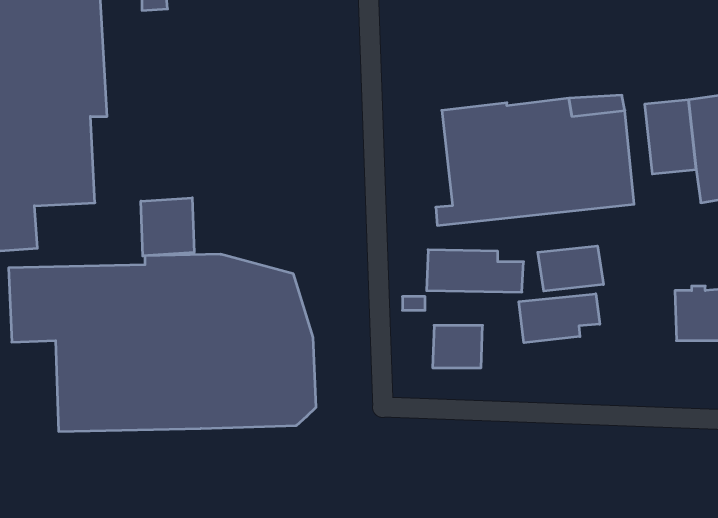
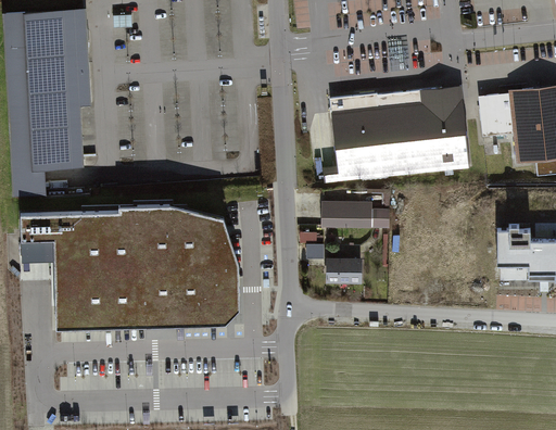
building: [141,198,194,256] -> none
building: [538,246,603,291] -> none
building: [519,294,600,343] -> none

